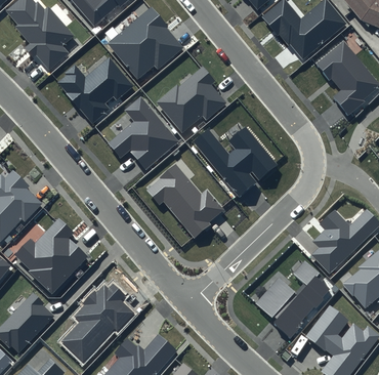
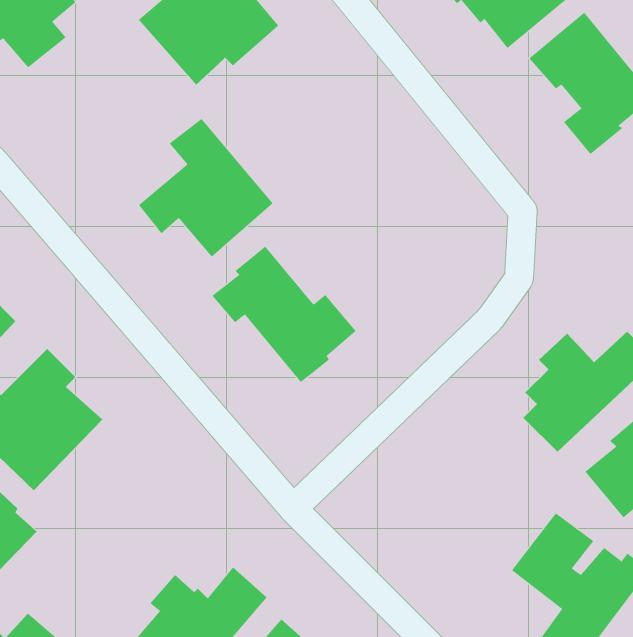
building: [57,57,133,124] -> none
building: [157,66,226,132] -> none
building: [193,126,279,197] -> none
building: [257,259,331,337] -> none
building: [60,284,135,363] -> none

